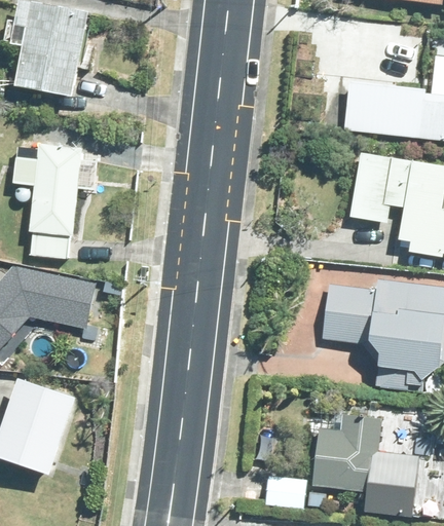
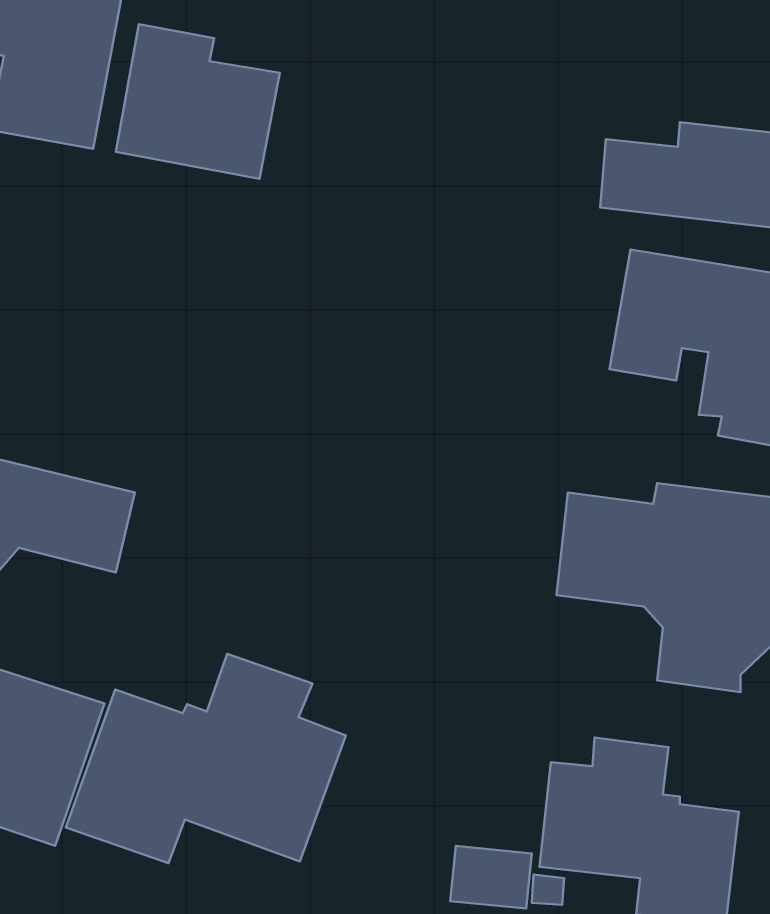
building: none -> [116,24,280,179]
building: [29,143,97,258] -> none
building: none -> [66,654,346,863]

